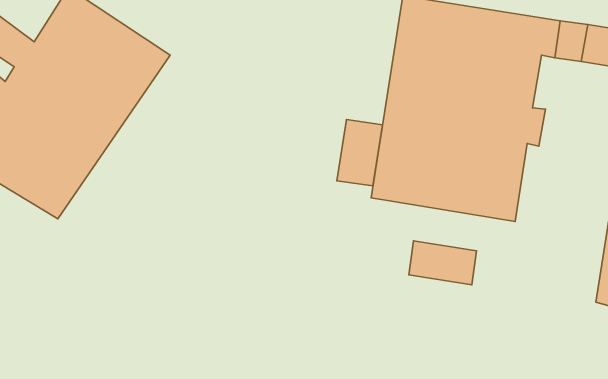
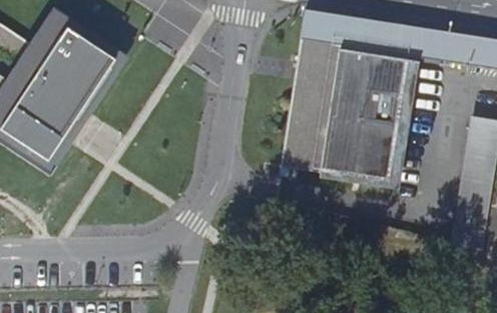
building: [337,120,383,186] -> none
building: [409,241,477,285] -> none

